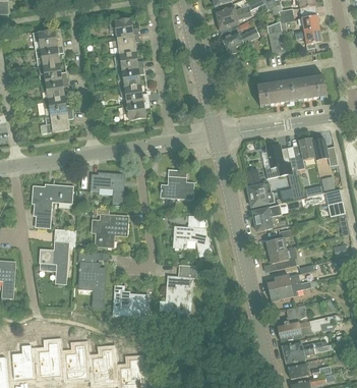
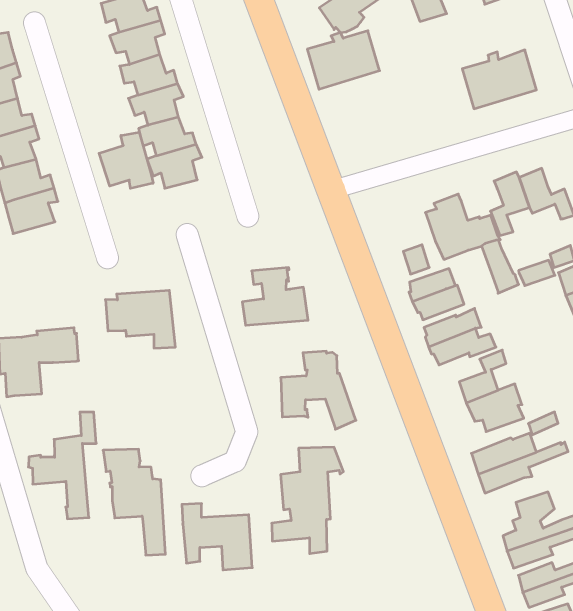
building: [257,79,293,107] -> [307,31,380,89]
building: none -> [99,132,153,188]
building: [92,208,126,246] -> none

